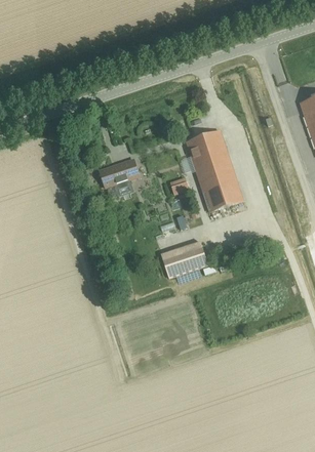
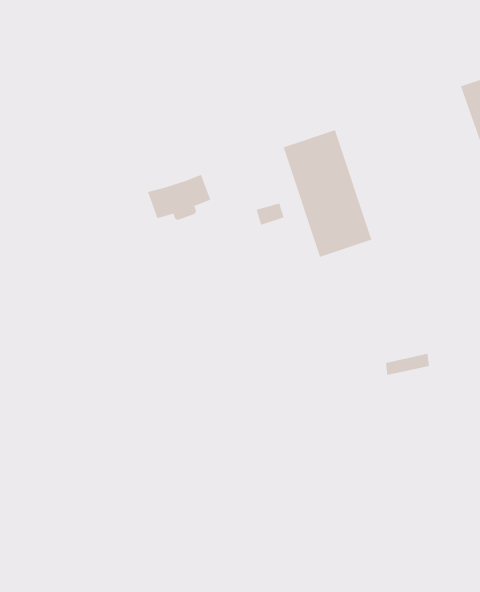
building: [160,240,208,278] -> none

